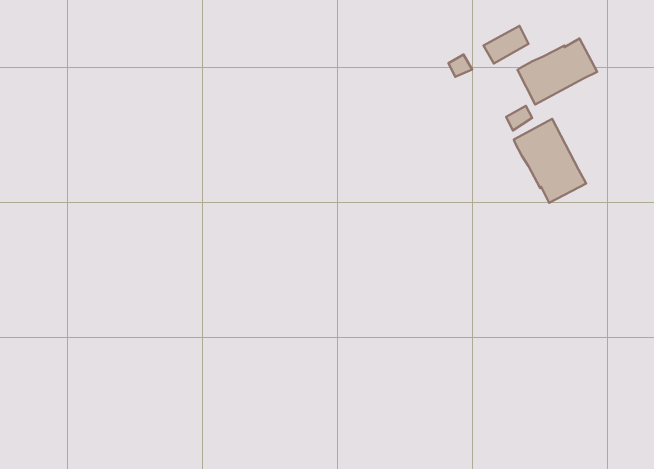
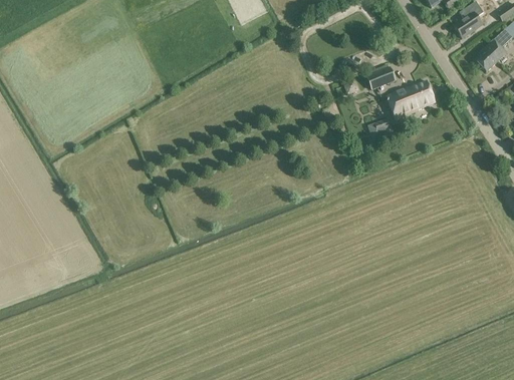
building: [514,119,586,203] -> none

